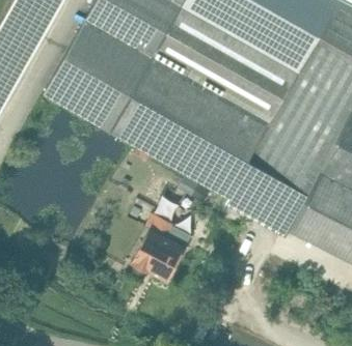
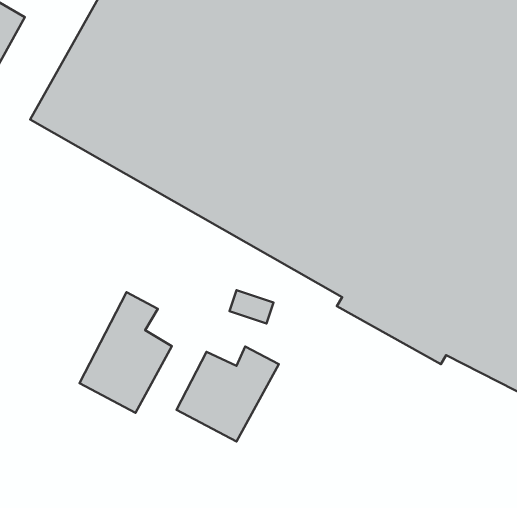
building: none -> [80,292,172,413]

